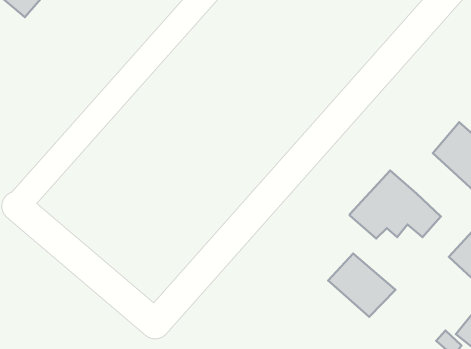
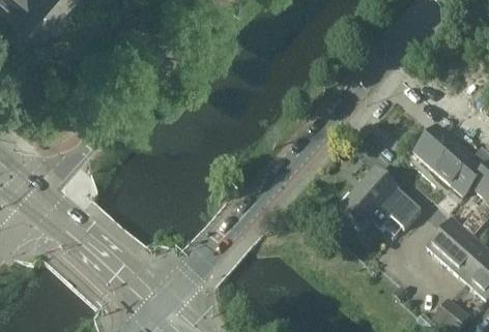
building: [328,253,395,317] -> none

